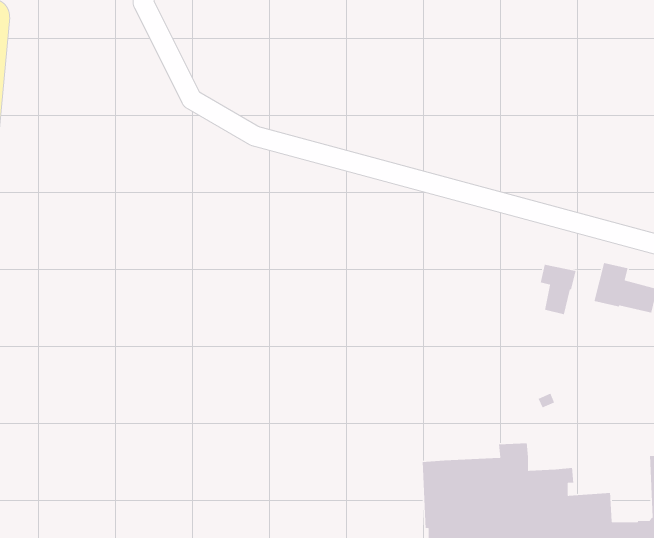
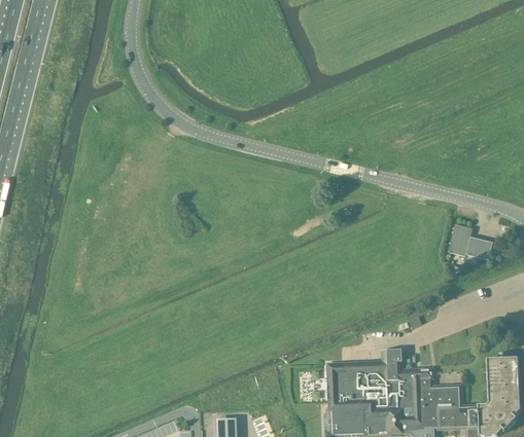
building: [540,264,577,315] -> none

